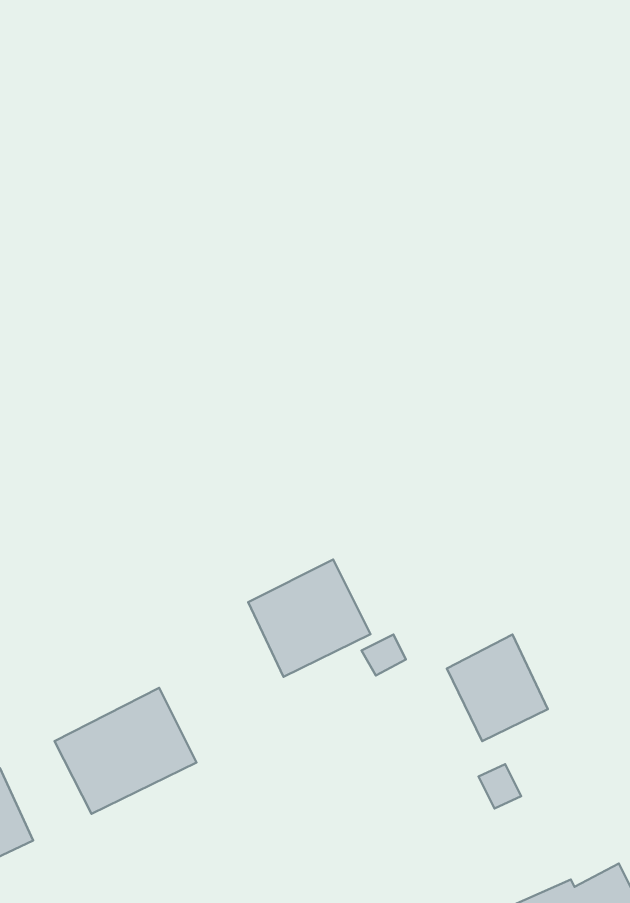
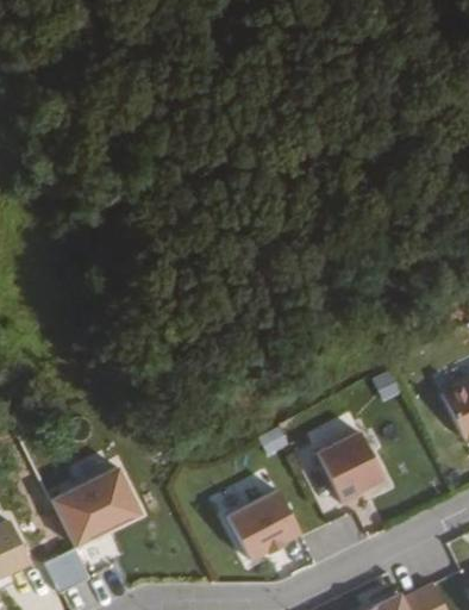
building: [248,560,371,677] -> [218,486,300,565]
building: none -> [45,548,88,590]

